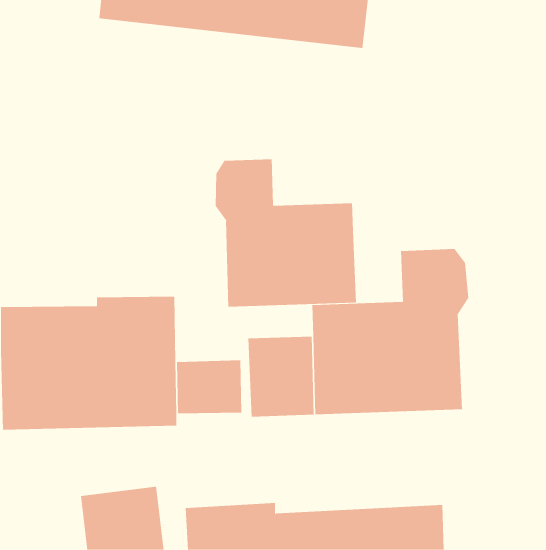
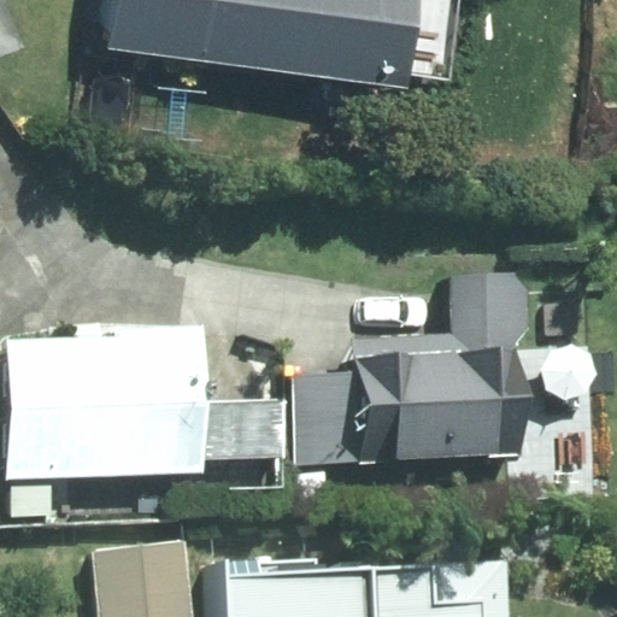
building: [215,159,357,307] -> none

